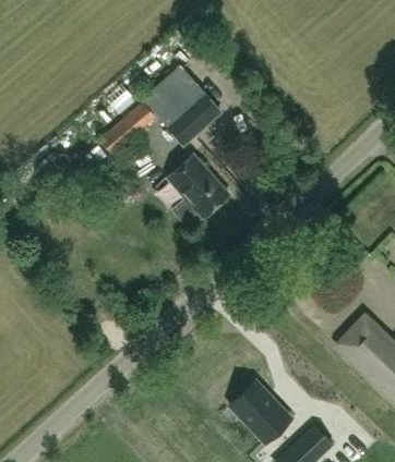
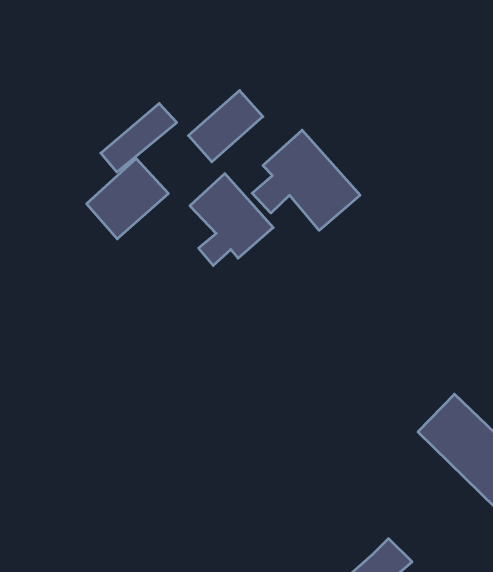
building: [143,65,204,125] -> [87,159,168,239]
building: none -> [252,130,360,230]
building: [230,381,291,443] -> none

